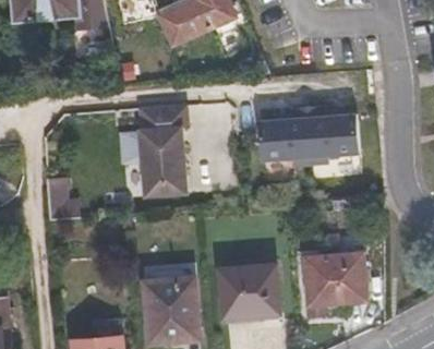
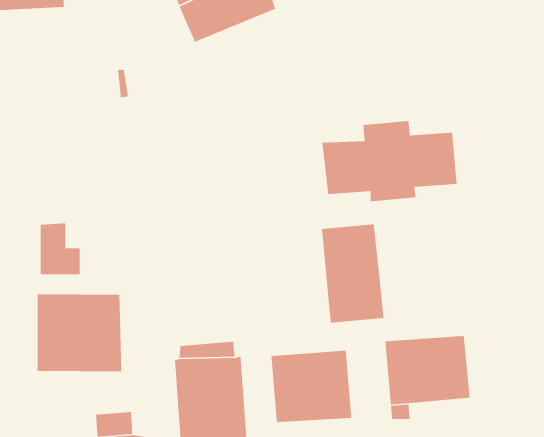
building: [120,103,188,194] -> none
building: none -> [321,224,385,323]
building: none -> [37,293,122,372]

